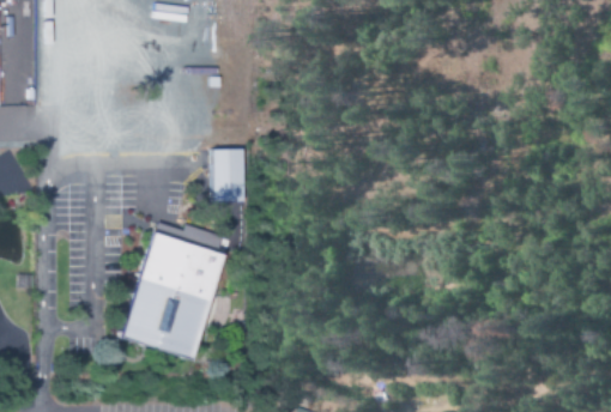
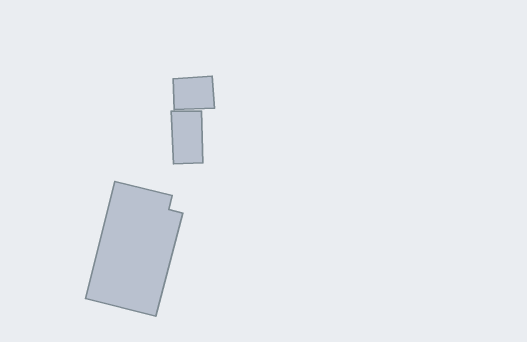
building: none -> [173,76,214,109]

